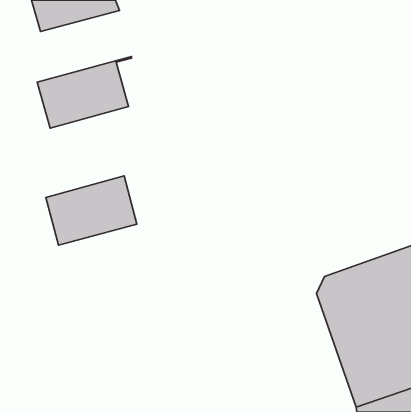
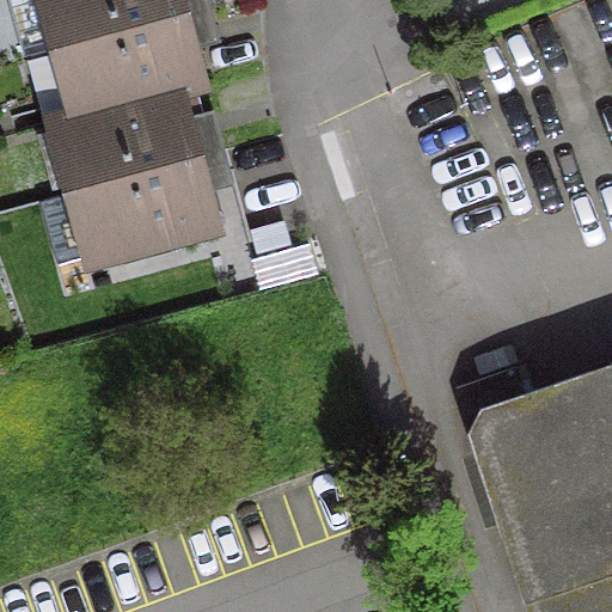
building: none -> [57,16,197,122]
building: [46,176,137,245] -> [76,158,212,261]

